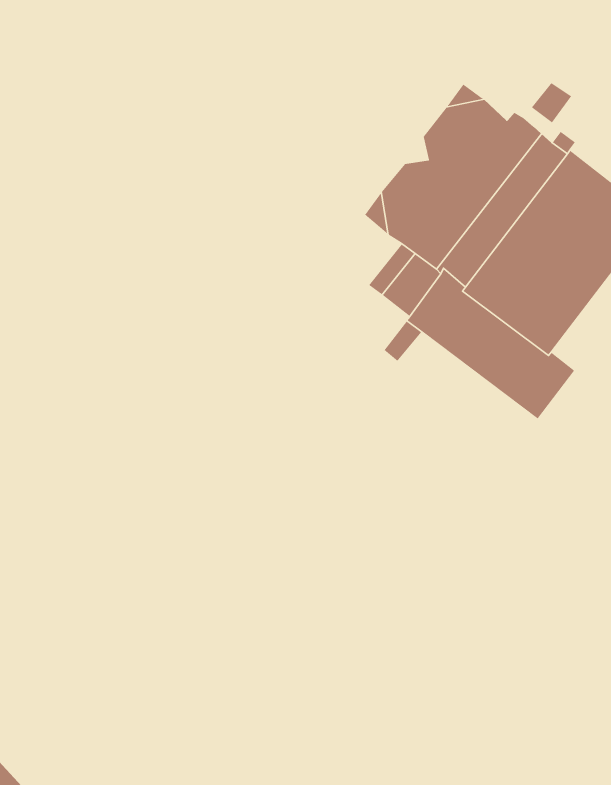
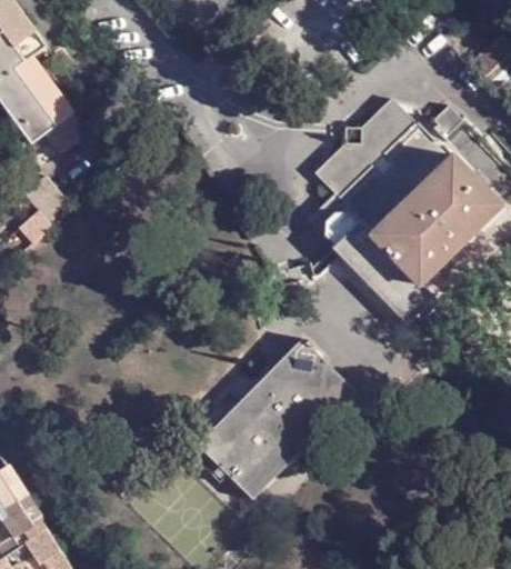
building: none -> [197,339,355,500]

